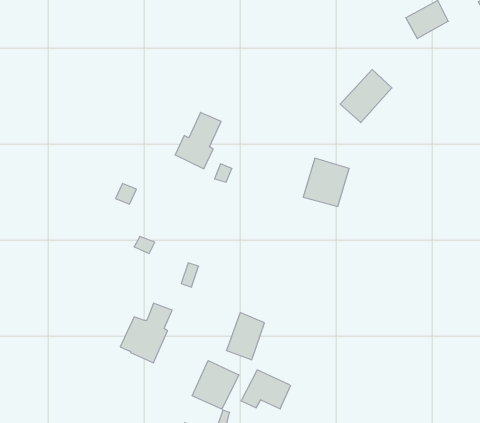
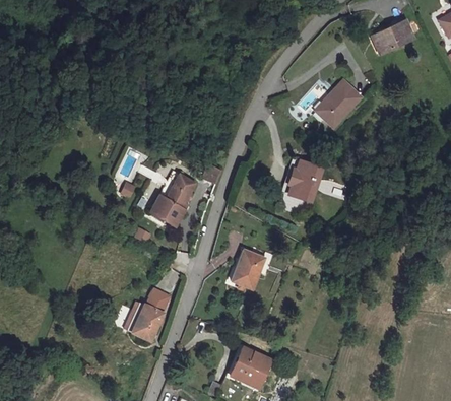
building: [175,112,221,169] -> [152,173,193,222]
building: [226,313,264,360] -> [233,251,266,292]
building: [192,361,239,409] -> none

